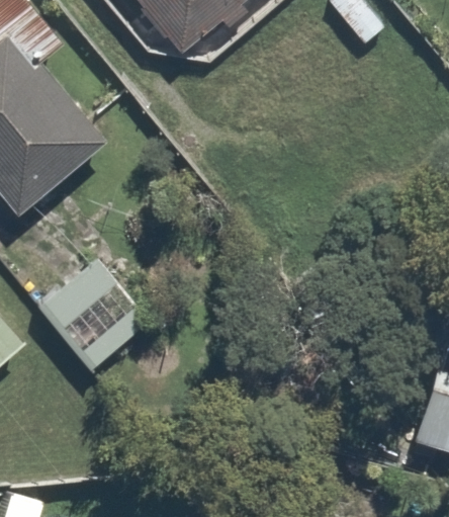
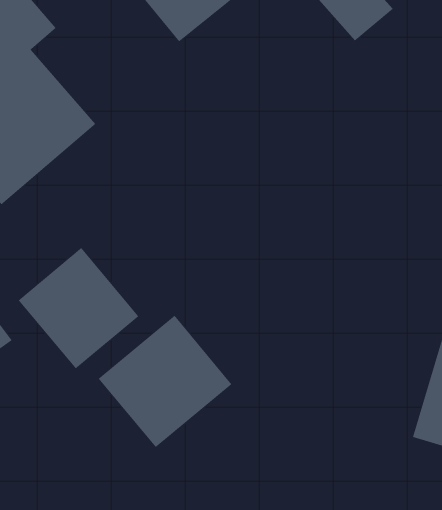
building: none -> [98,315,232,448]

